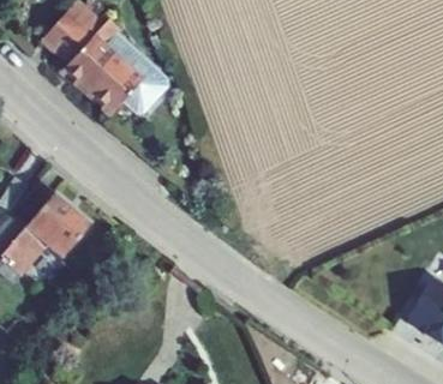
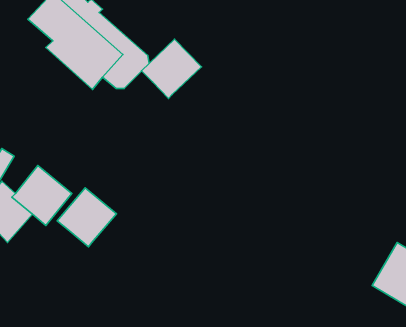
building: none -> [142,39,201,98]
building: none -> [57,188,116,247]

